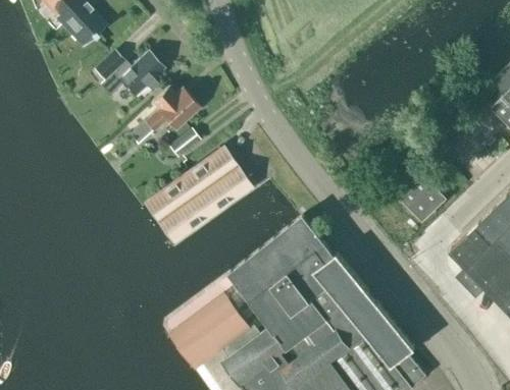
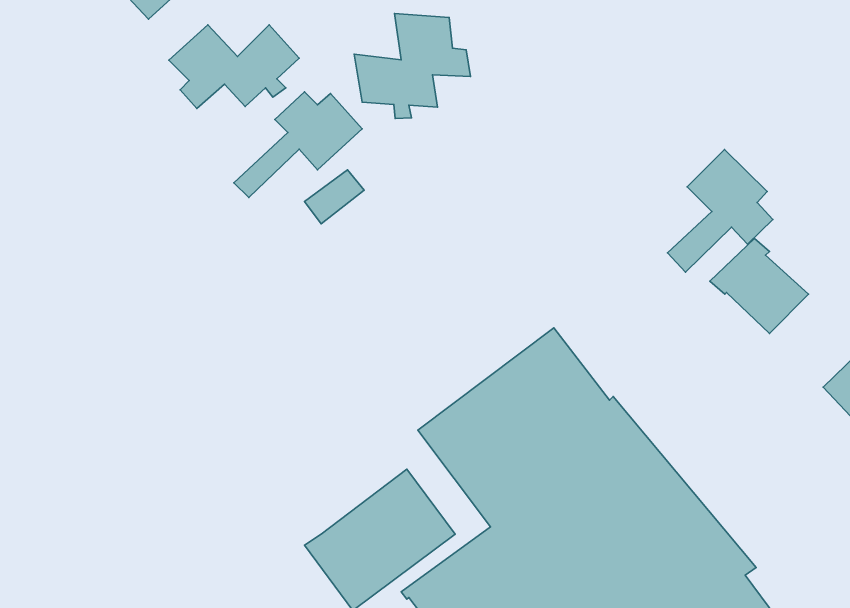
building: none -> [354,14,471,119]
building: none -> [667,150,773,272]
building: [145,149,251,244] -> none

